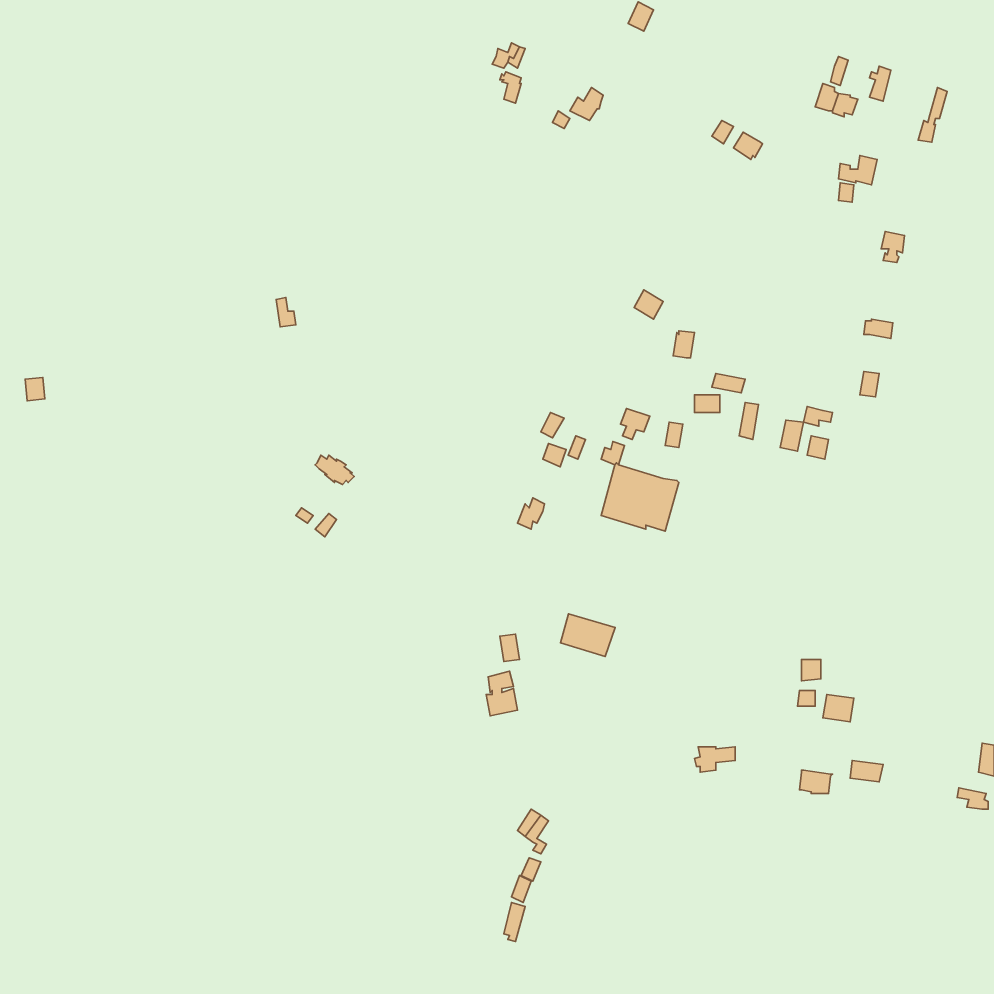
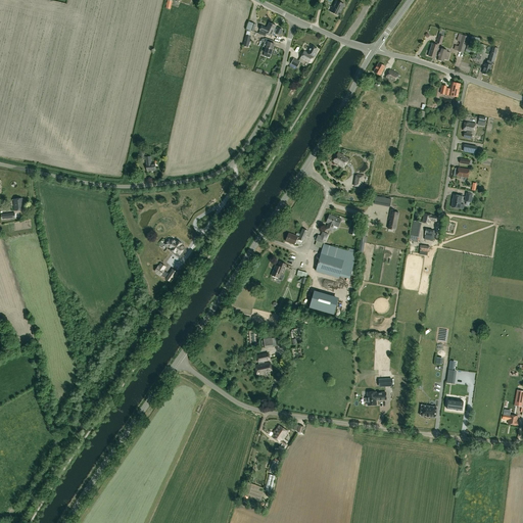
building: [561,614,615,657] -> [310,292,338,315]

